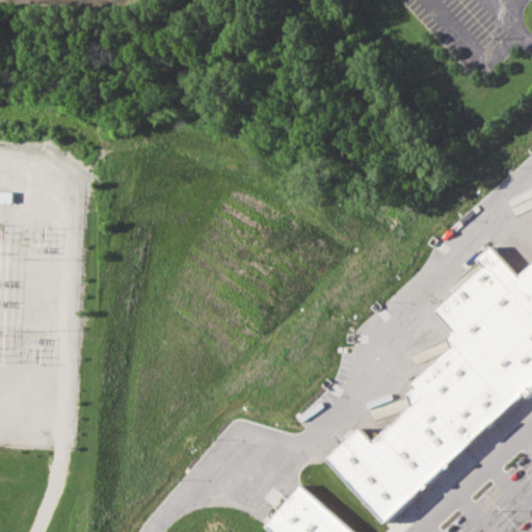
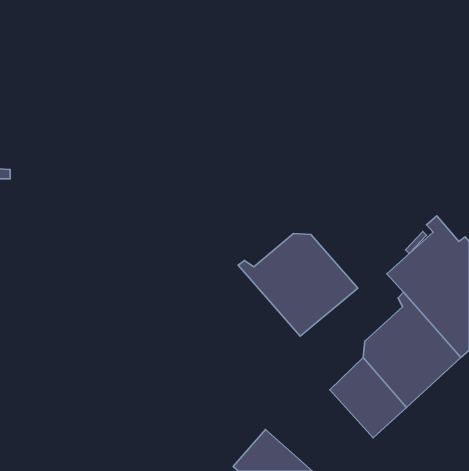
building: none -> [238,234,358,336]
building: [325,425,421,524] -> none

